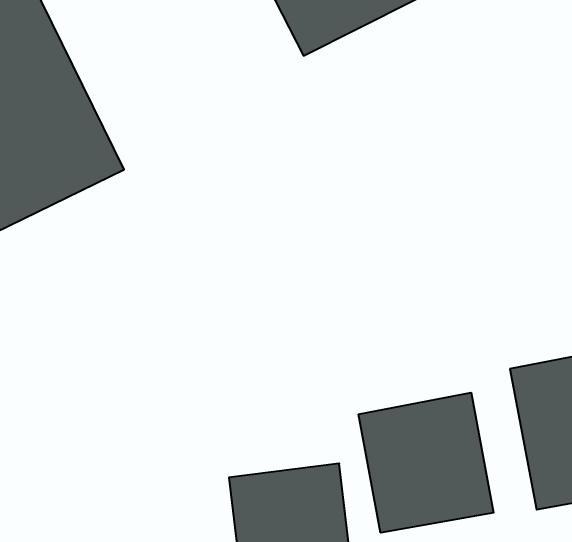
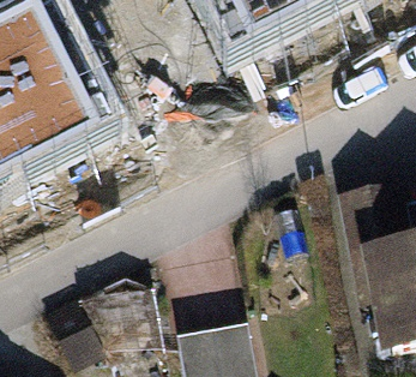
building: [359,393,494,533] -> none

